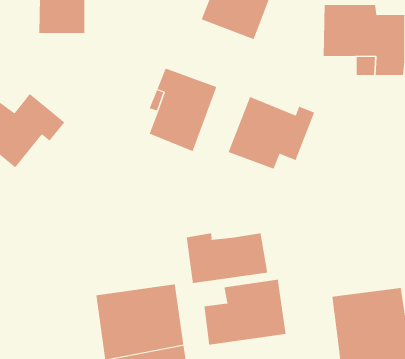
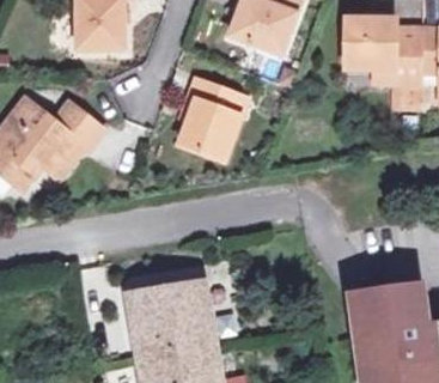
building: [228,96,315,170] -> none
building: [186,232,268,284] -> none
building: [204,279,286,346] -> none

